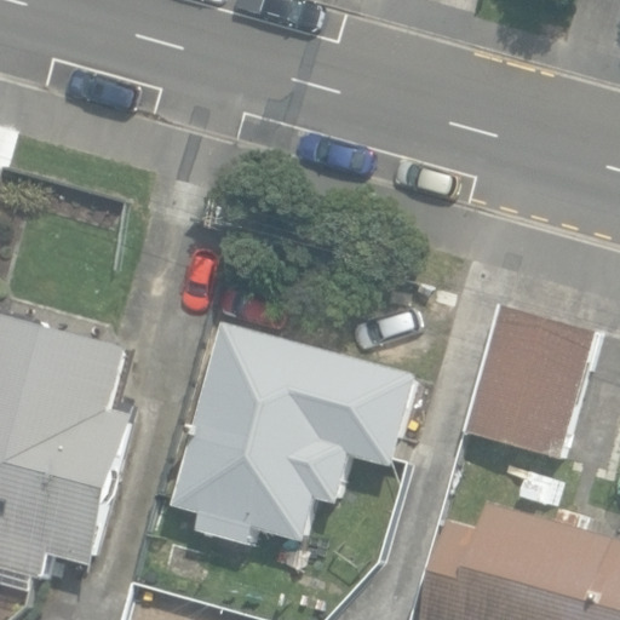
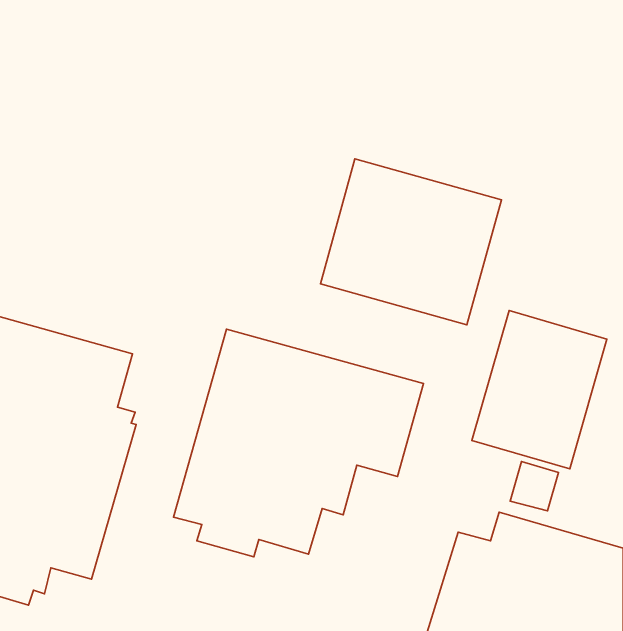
building: none -> [320,159,502,325]

